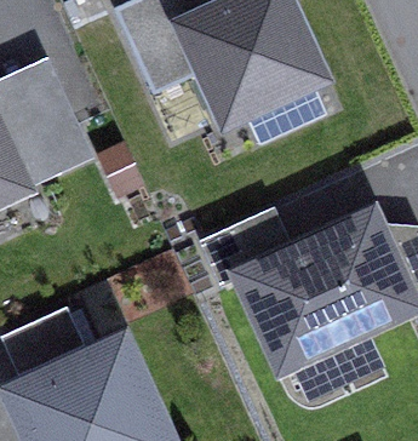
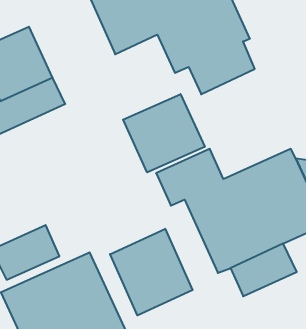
building: none -> [123,94,205,172]
building: none -> [110,229,193,315]

